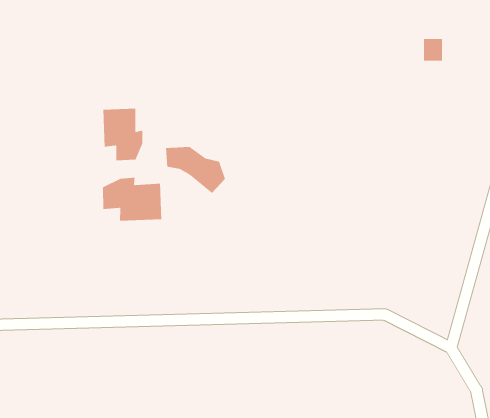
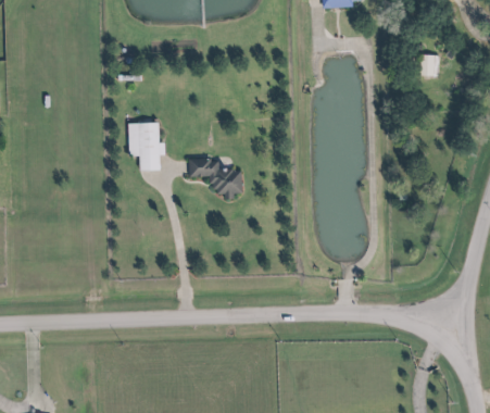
building: [102,177,162,221] -> none

